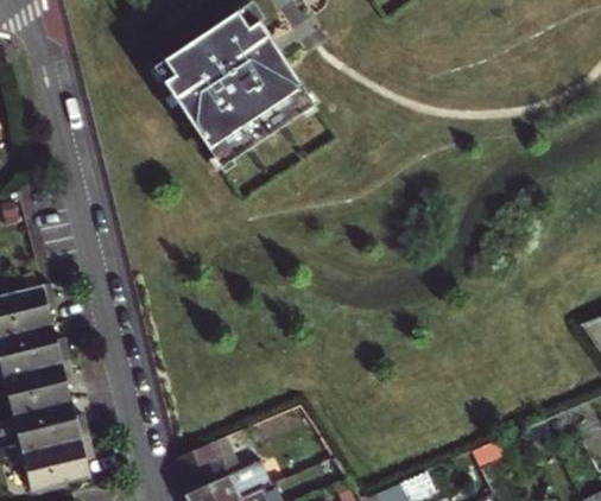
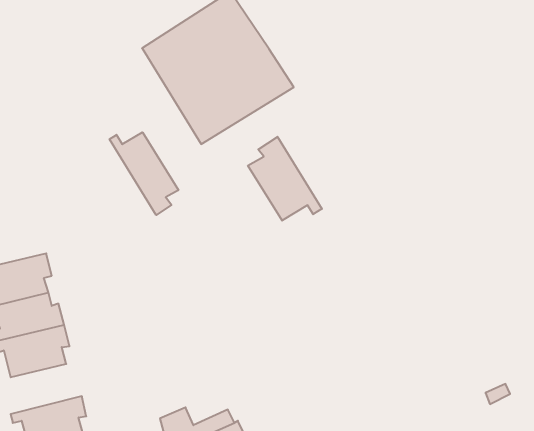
building: none -> [110,132,178,215]
building: none -> [248,137,322,221]
building: [10,400,89,454] -> none

